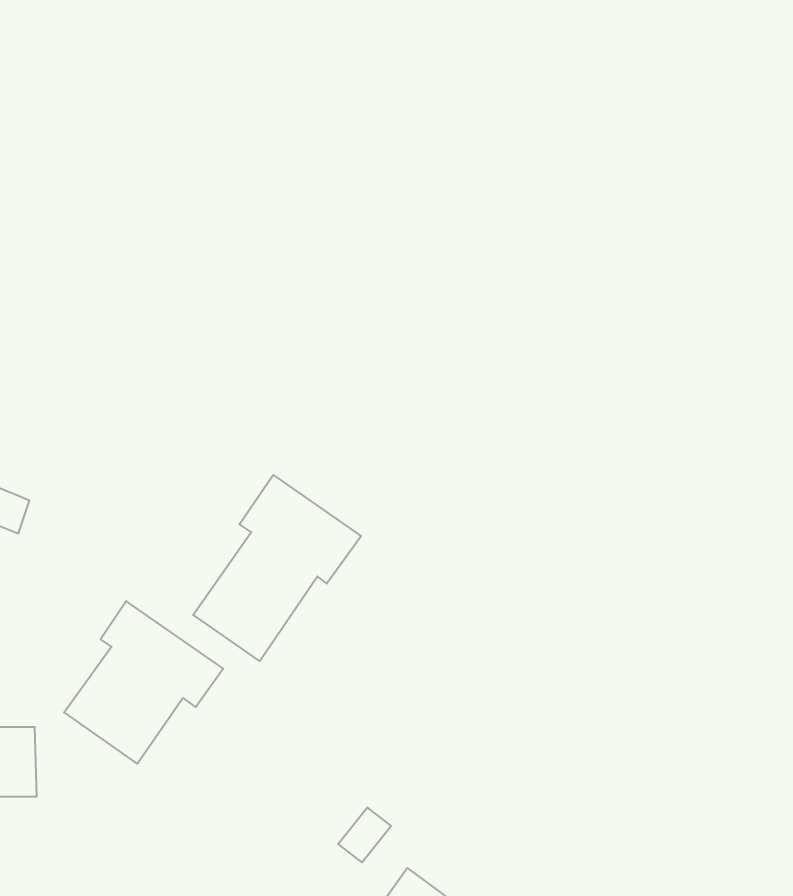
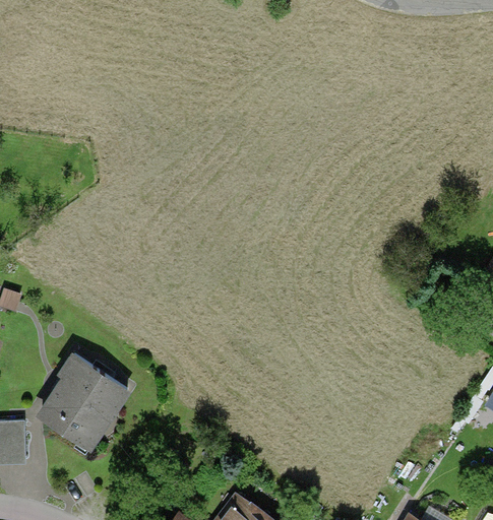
building: [193,475,361,661] -> none

